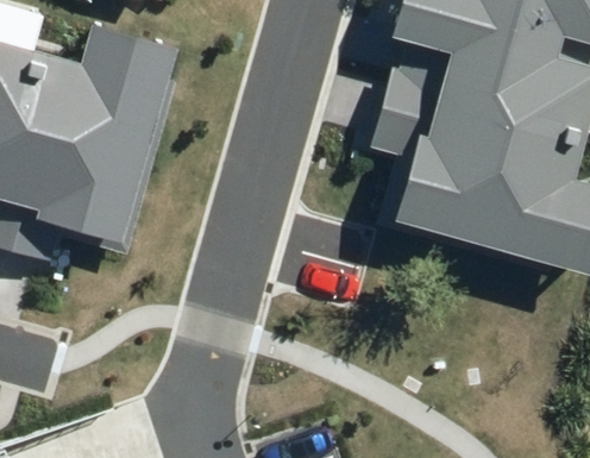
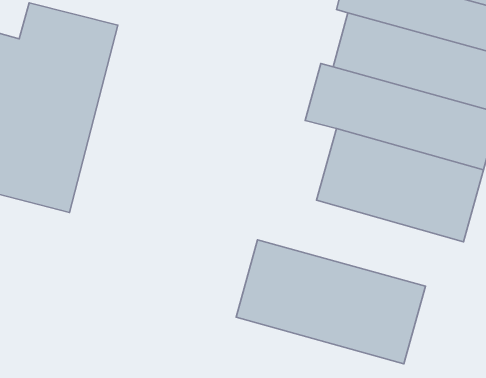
building: none -> [236,240,425,364]

